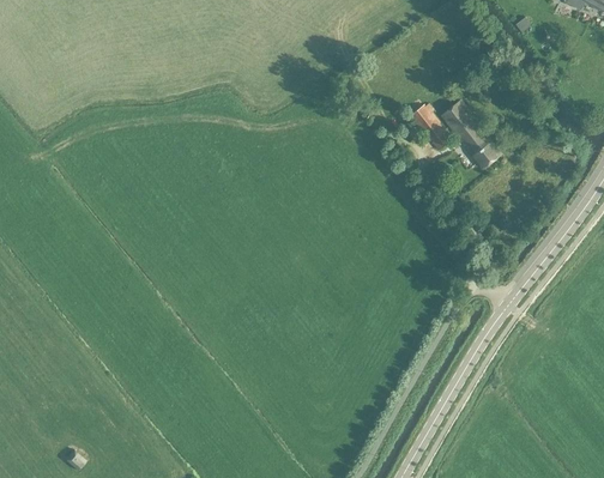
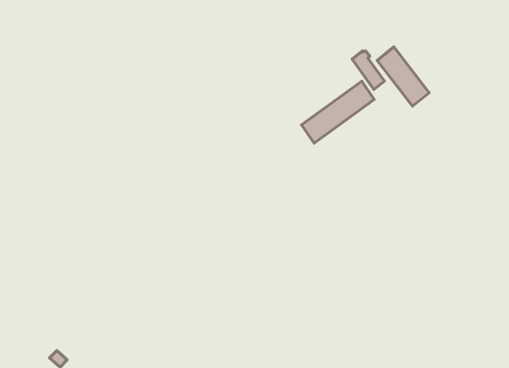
building: none -> [302,81,374,143]

